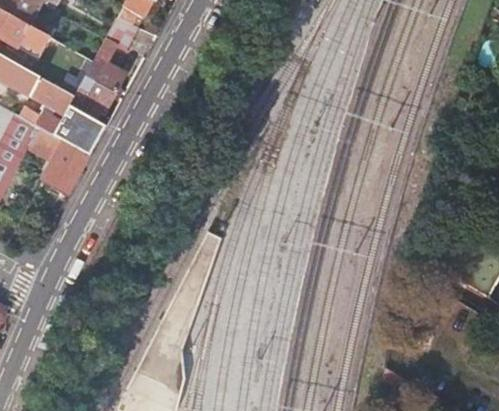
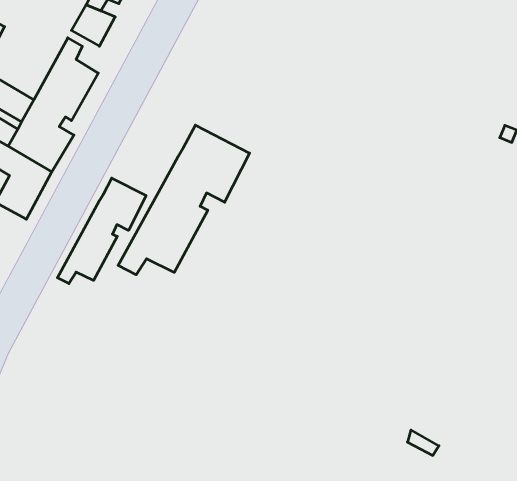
building: none -> [118,125,250,275]
building: none -> [57,178,146,284]

